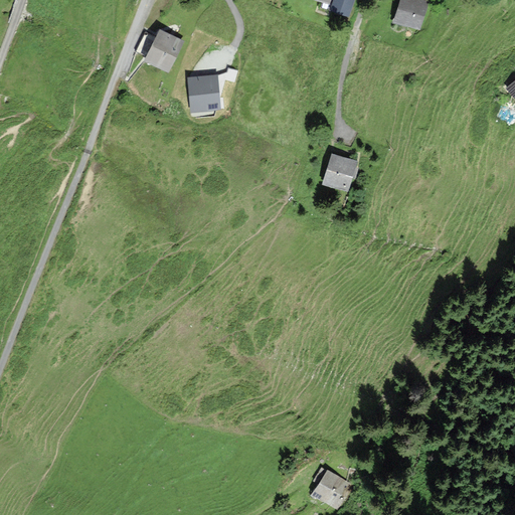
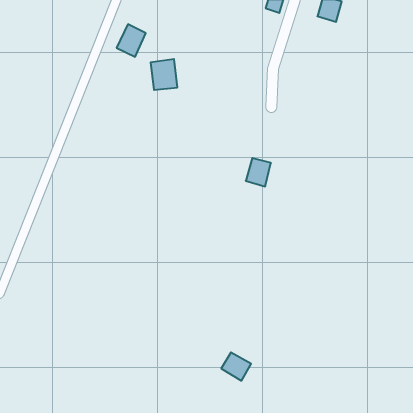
building: [323,155,354,190] -> [246,158,271,186]
building: [314,471,351,506] -> [221,352,251,381]

